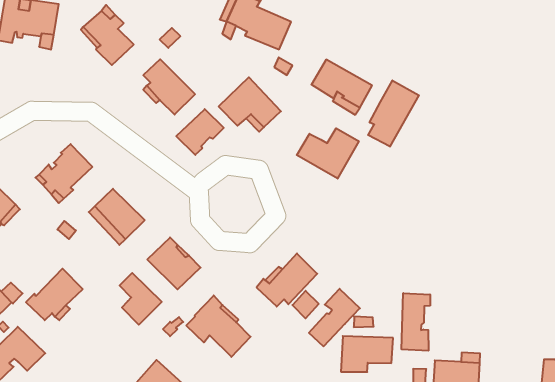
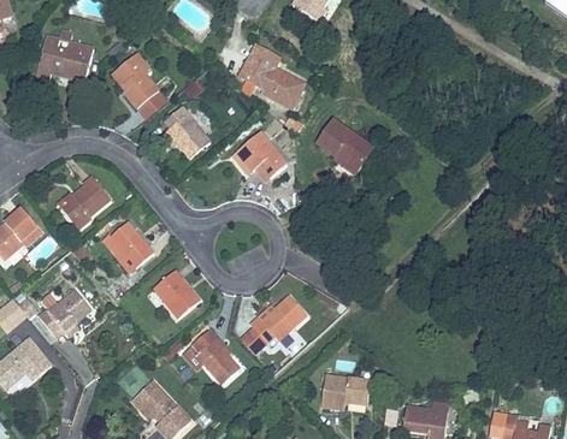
building: [368,80,419,147] -> none
building: [176,109,224,155] -> none
building: [297,128,359,179] -> none
building: [120,273,162,325] -> none
building: [309,289,360,346] -> none
building: [402,293,430,351] -> none

